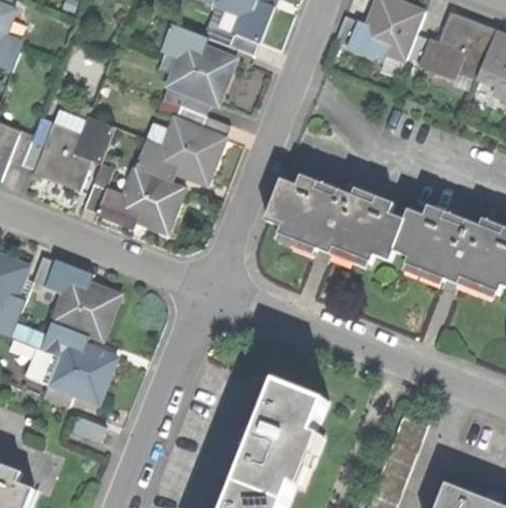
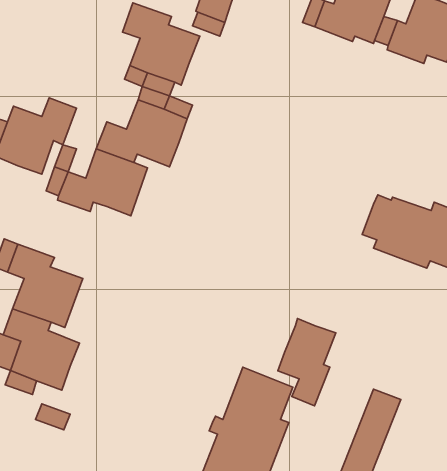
building: [268,179,405,260] -> none
building: none -> [278,319,336,406]

